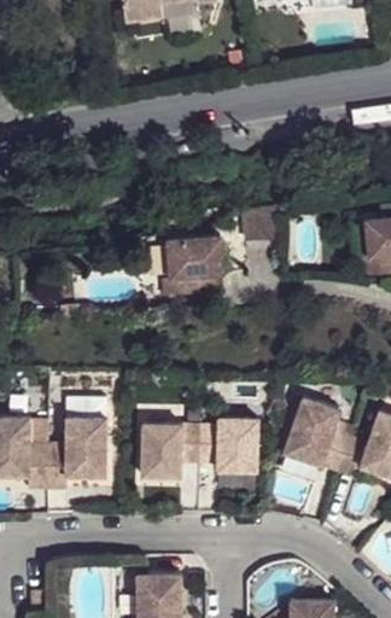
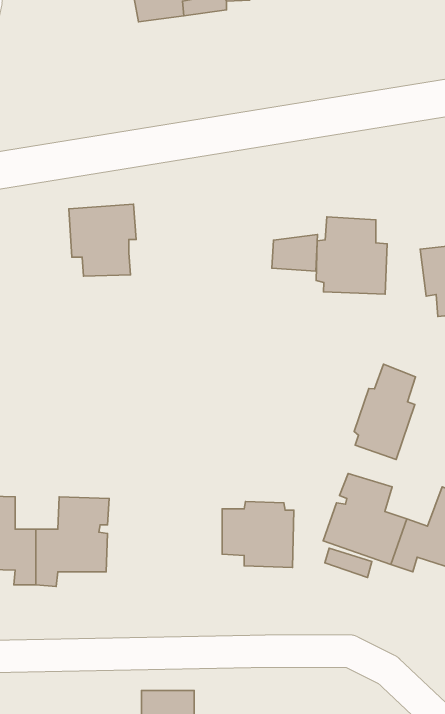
building: none -> [316,217,387,294]
building: [163,239,218,298] -> [69,204,136,276]
building: none -> [354,364,416,459]
building: [140,422,200,478] -> none

